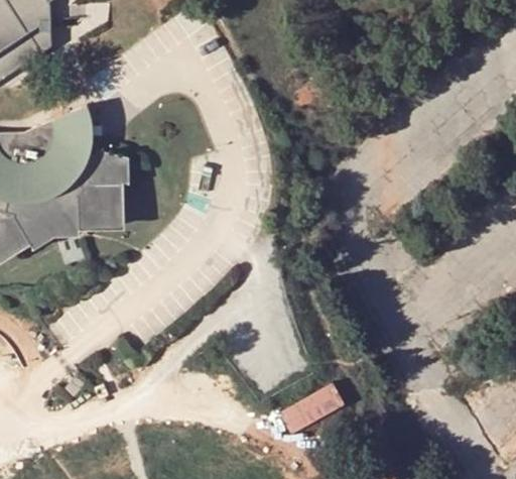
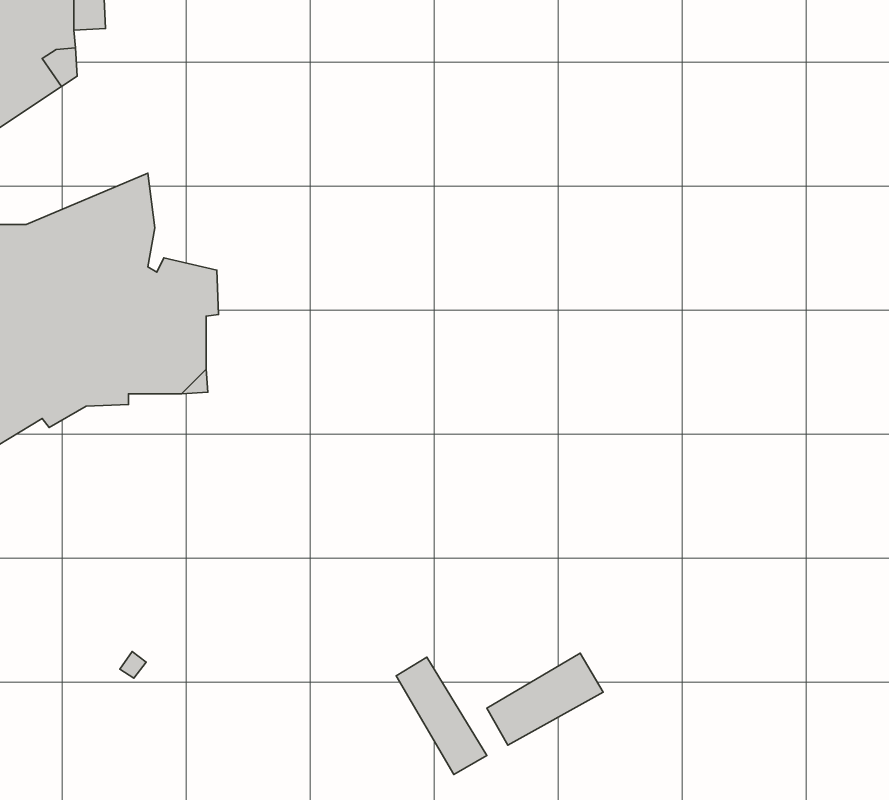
building: none -> [396,657,487,775]

